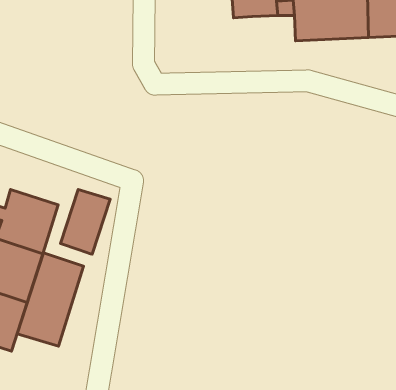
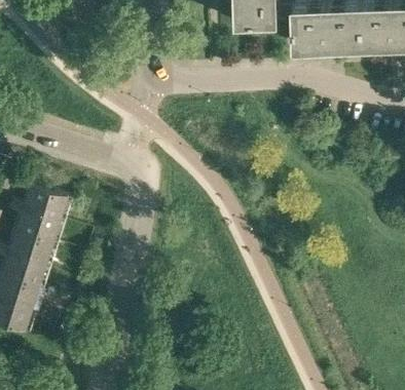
building: [61,189,110,254] -> none
building: [17,253,84,346] -> none

